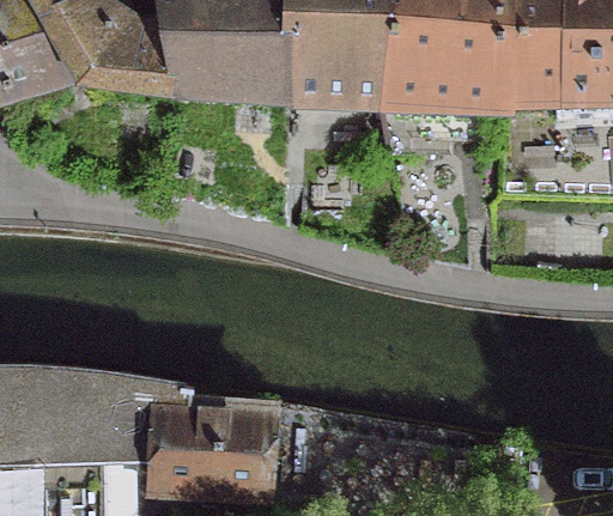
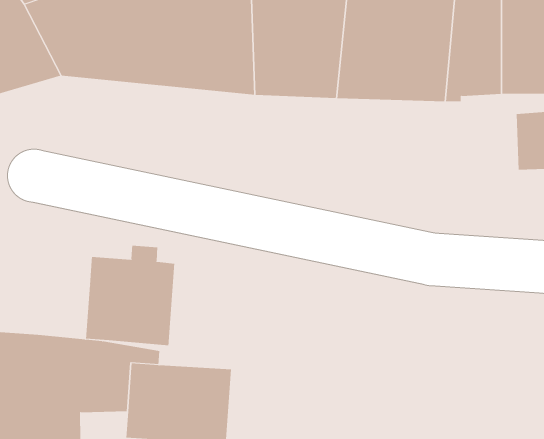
building: none -> [85,245,175,346]

